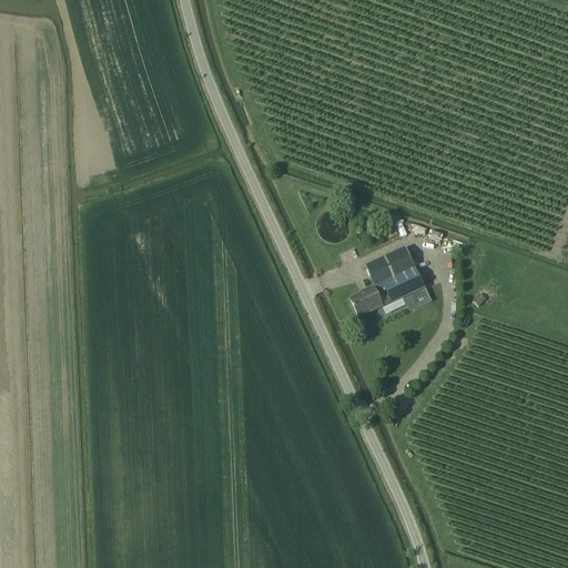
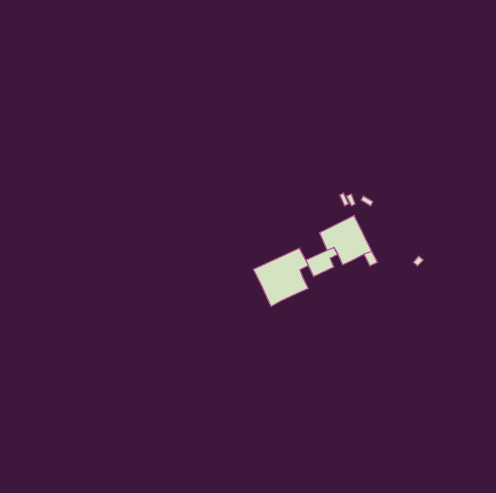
building: none -> [254,248,308,306]

